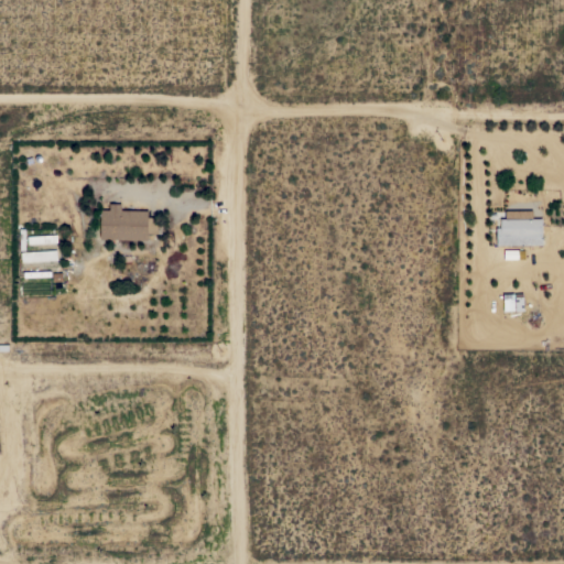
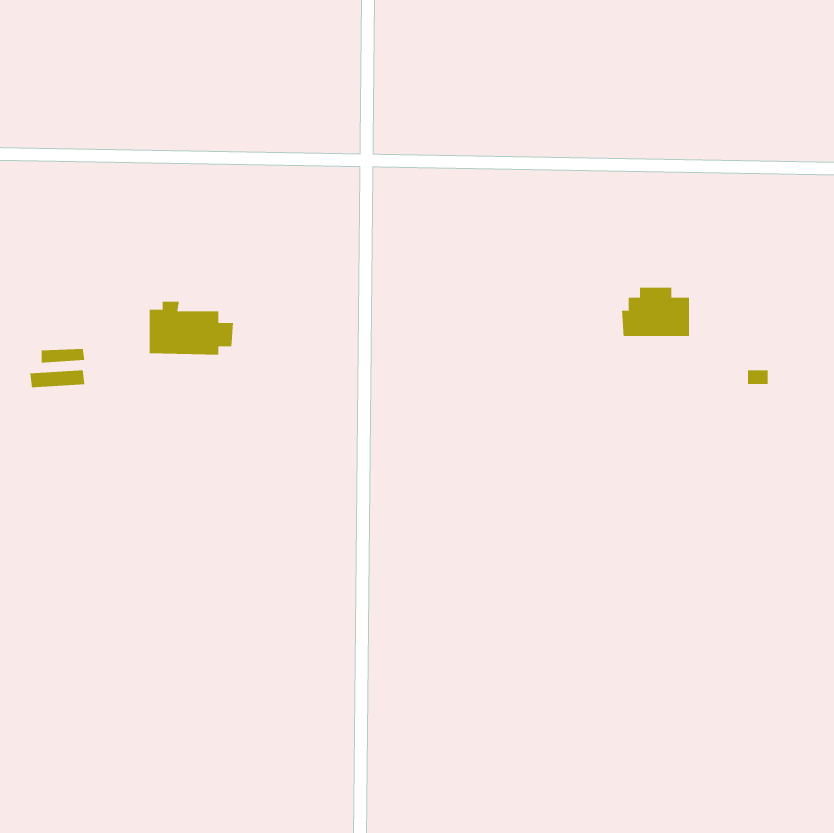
building: [497,214,543,247] -> [621,287,690,336]

